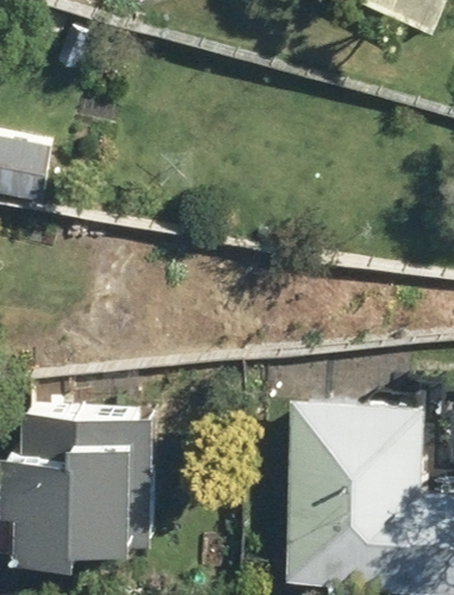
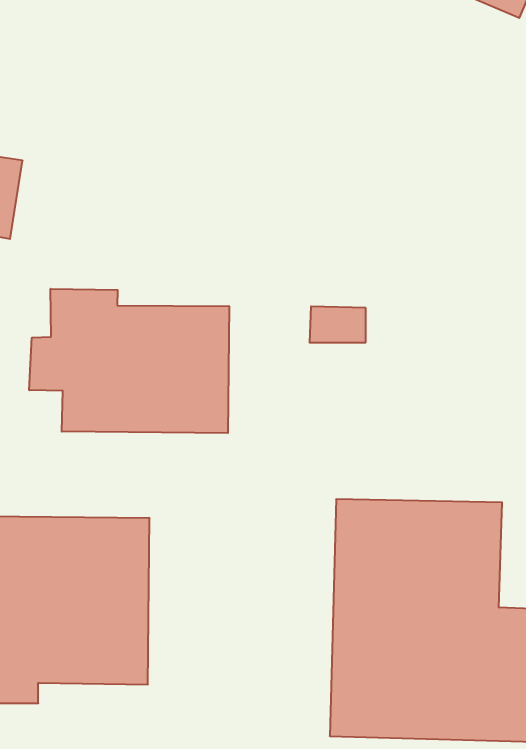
building: none -> [29,289,229,433]

